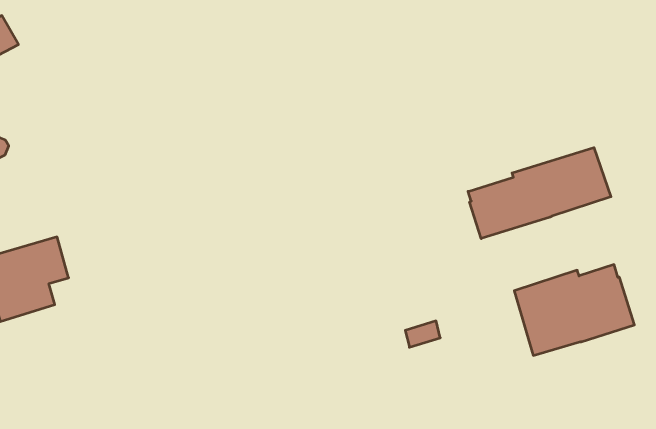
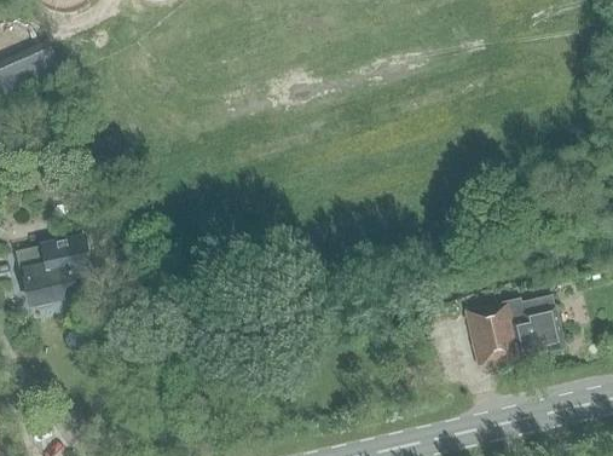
building: [468,148,611,239] -> none

